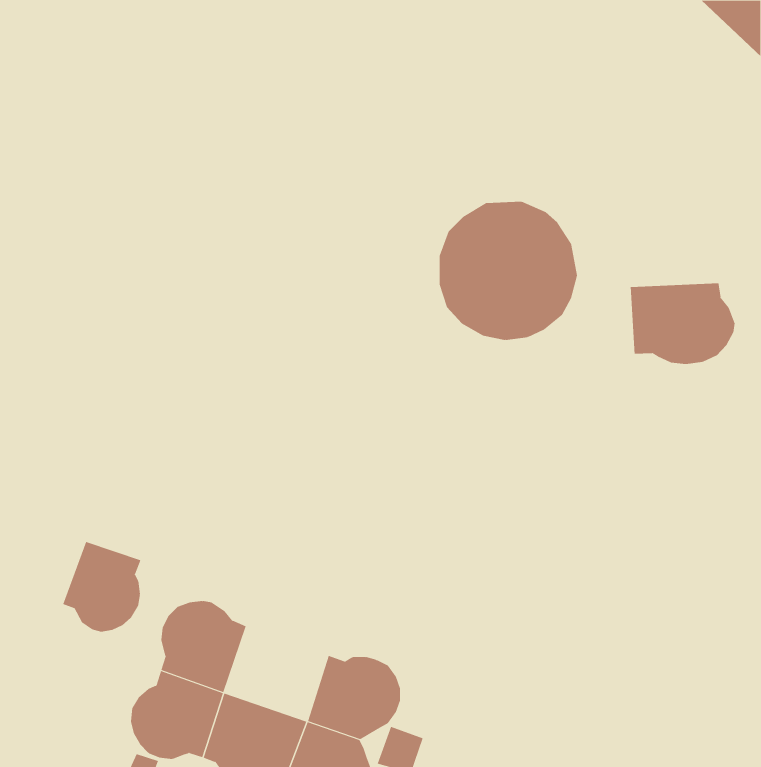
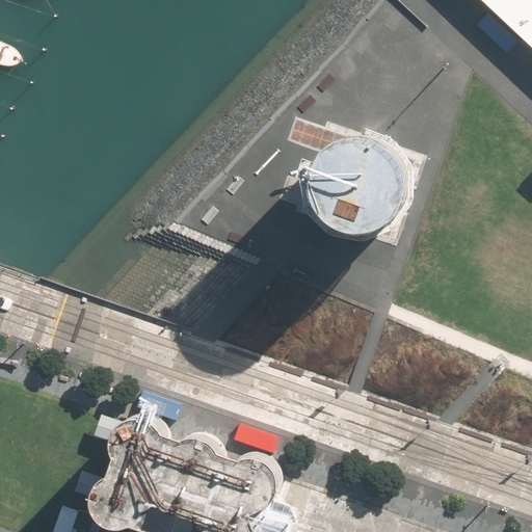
building: [630,283,735,365] -> none
building: [62,541,141,632] -> none
building: none -> [154,434,225,500]

